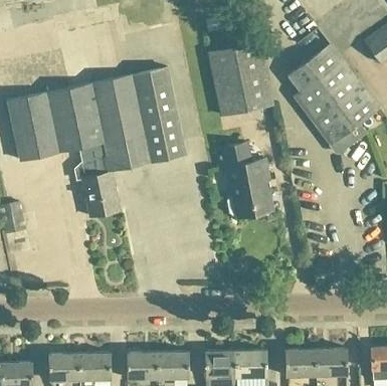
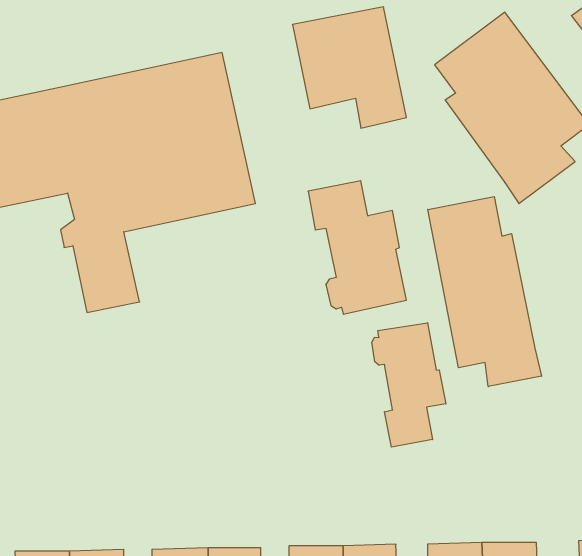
building: none -> [428,197,542,387]
building: none -> [372,323,446,447]

